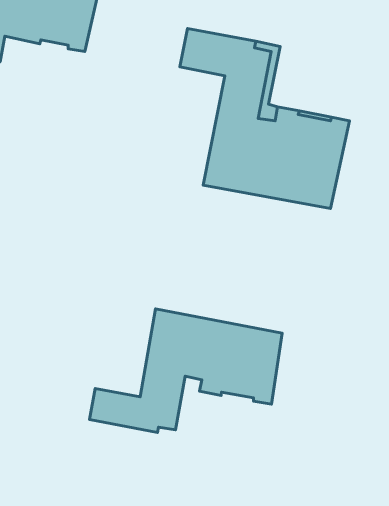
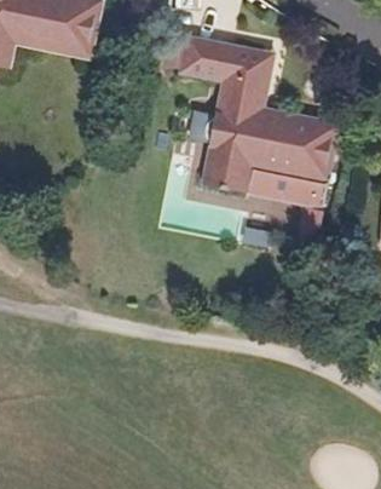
building: [90,309,282,432] -> none

